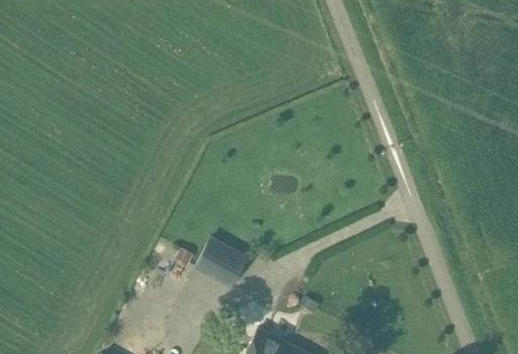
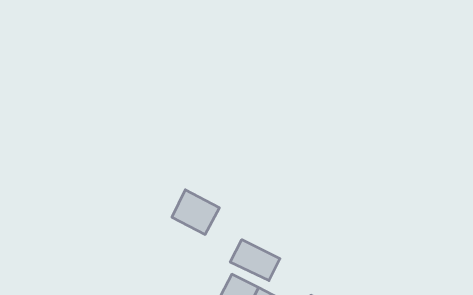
building: none -> [230,240,280,281]

